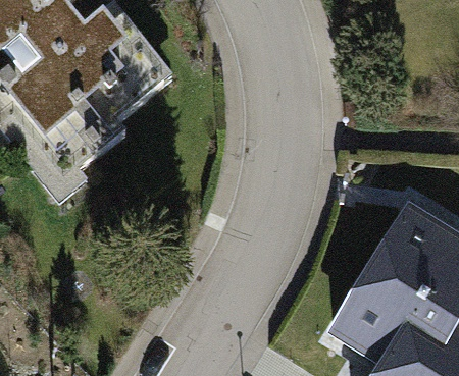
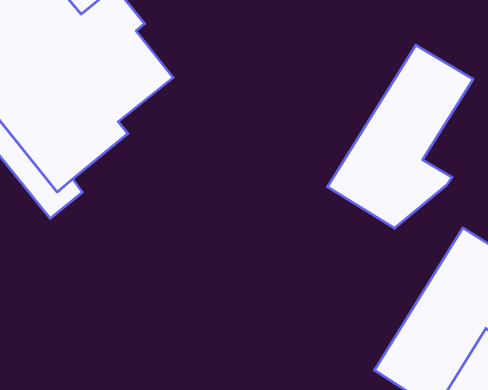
building: none -> [327,45,473,228]

